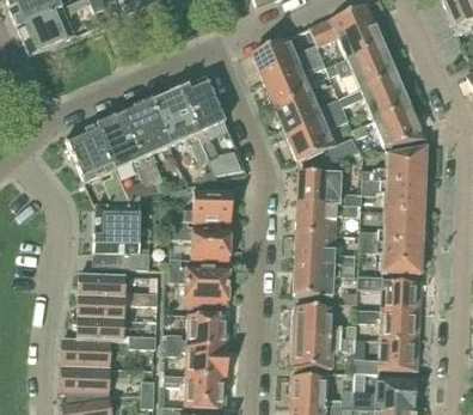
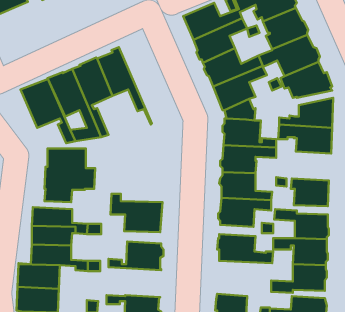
building: [179,77,226,176] -> none
building: [171,188,235,260] -> none
building: [379,208,424,242] -> none
building: [291,335,356,366] -> none
building: [166,342,228,377] -> none

